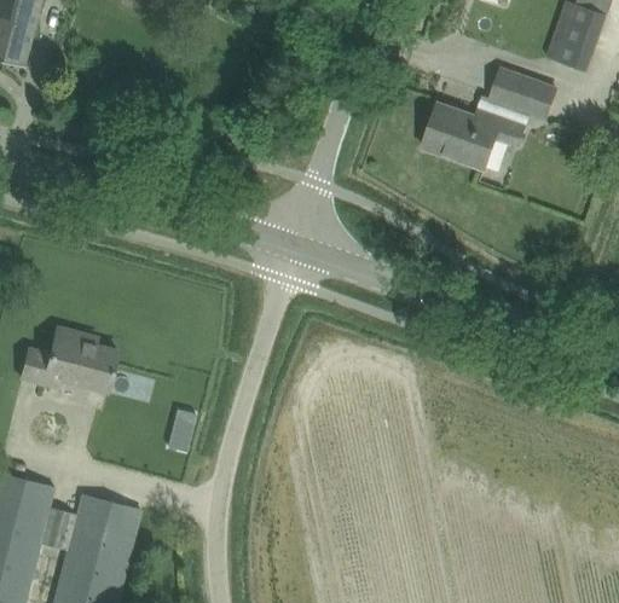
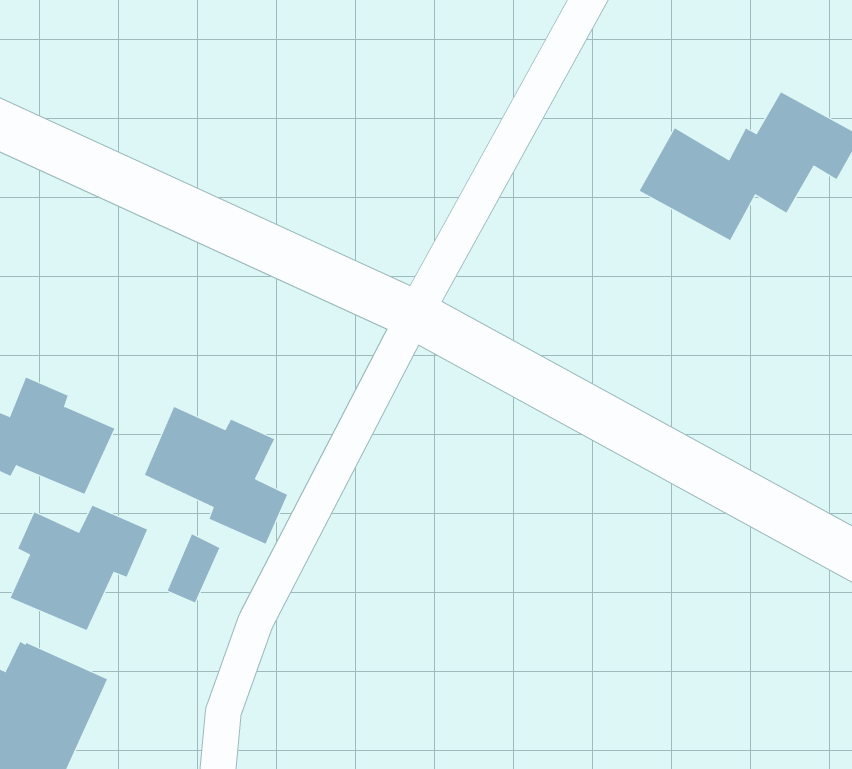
building: none -> [144,406,288,544]
building: none -> [10,505,148,631]

